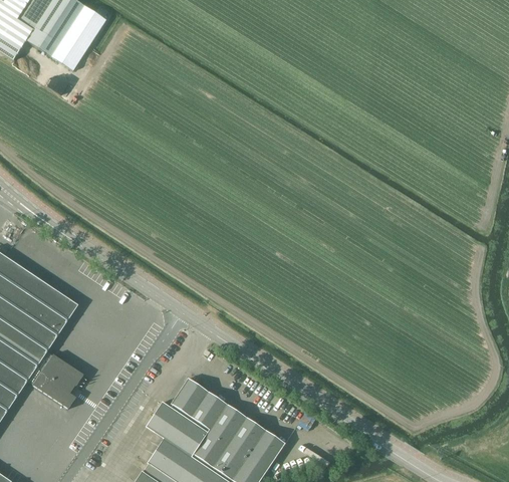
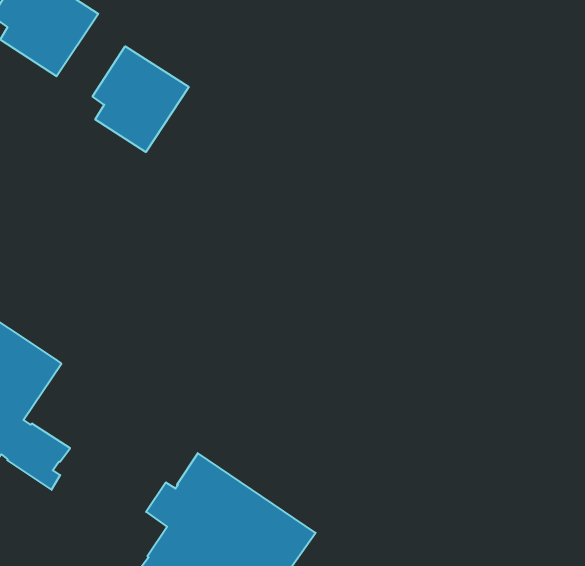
building: none -> [93,46,189,152]

